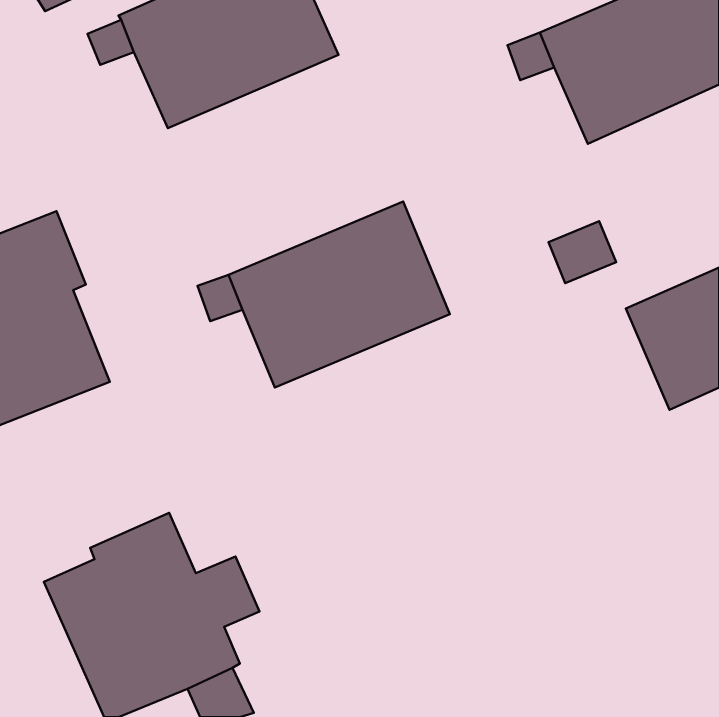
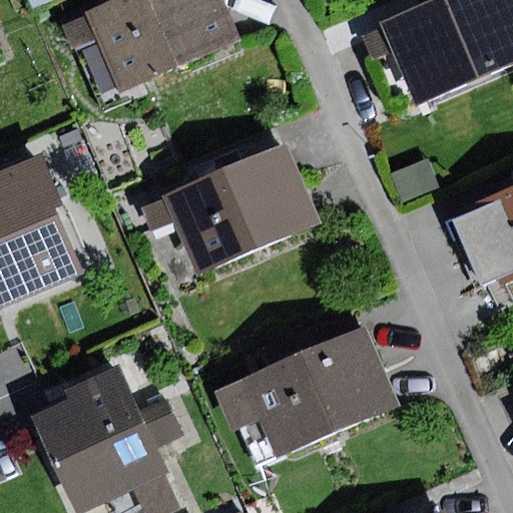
building: none -> [213,326,399,459]

